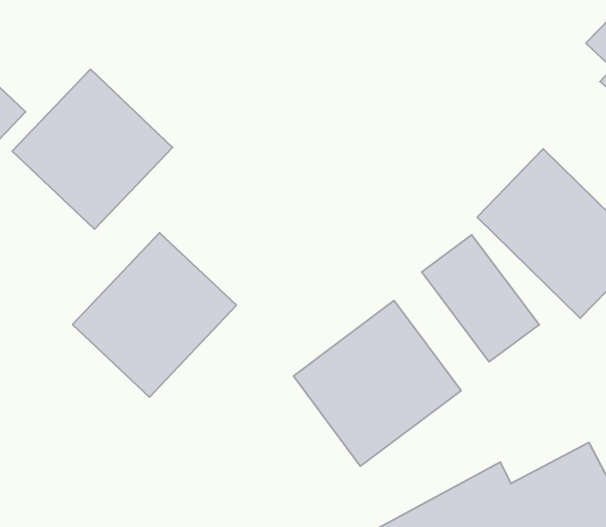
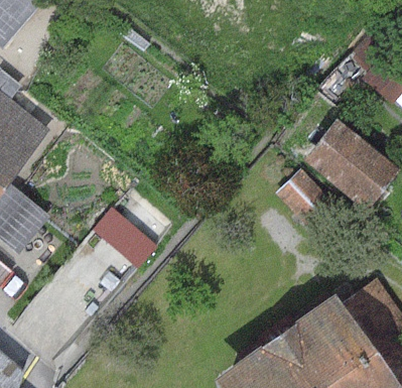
building: [12,69,173,229] -> none
building: [294,301,461,466] -> none

